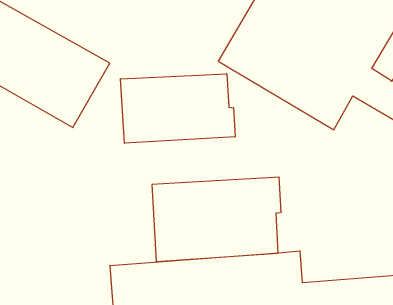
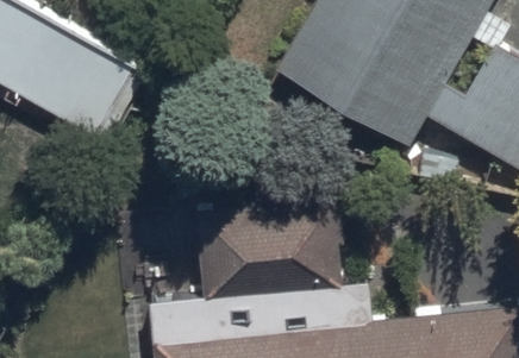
building: [120,74,235,143] -> none

